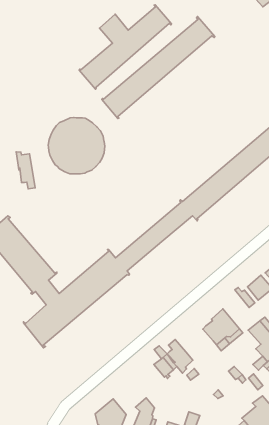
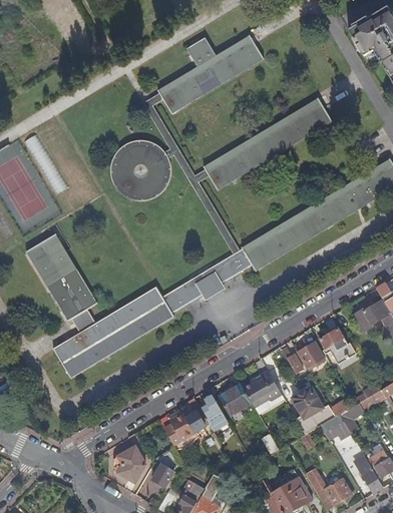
building: [102,17,215,118] -> [203,96,334,190]
building: [16,152,35,189] -> none
building: none -> [219,383,252,415]
building: none -> [164,412,193,445]

